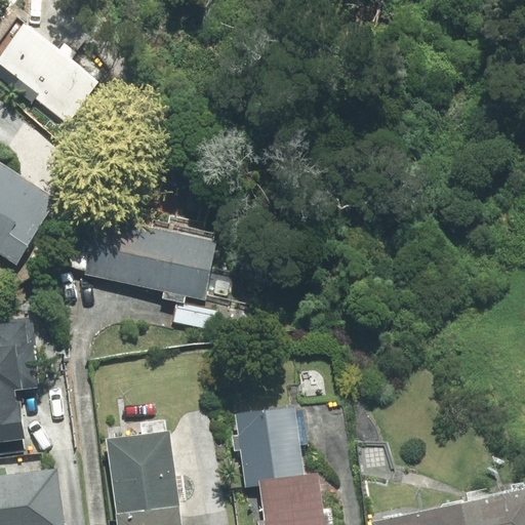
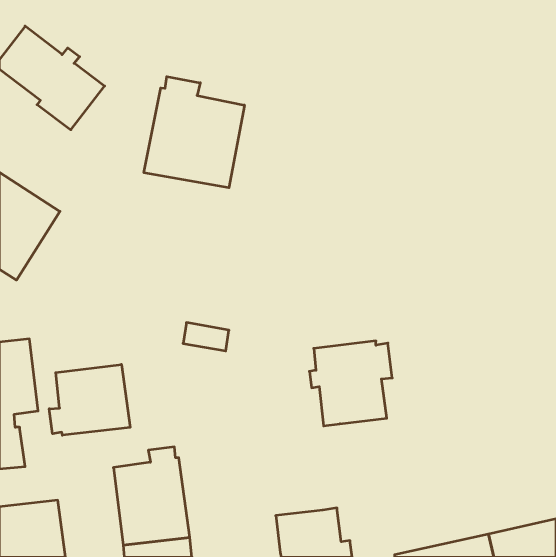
building: none -> [144,77,244,188]
building: [82,219,213,301] -> none
building: none -> [49,364,130,435]
building: [231,407,309,487] -> [309,341,392,426]

